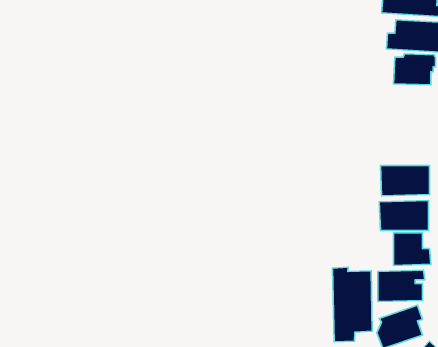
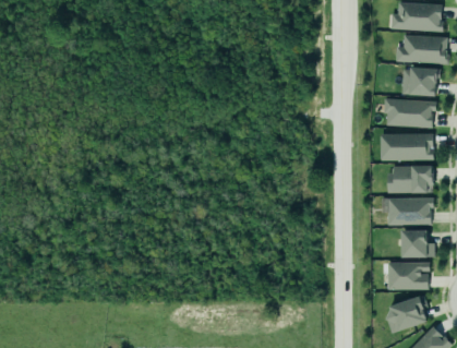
building: none -> [383,98,436,128]
building: none -> [380,132,434,160]
building: [332,267,372,342] -> none

